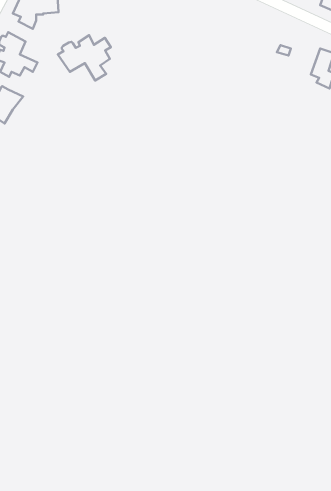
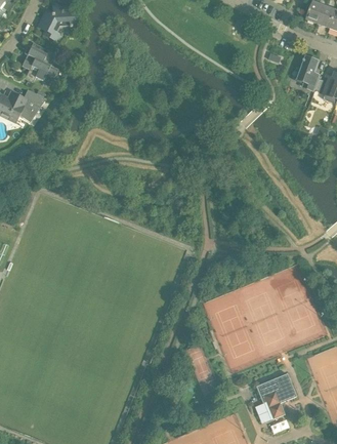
building: [58,35,111,81] -> none
building: none -> [255,372,296,417]

